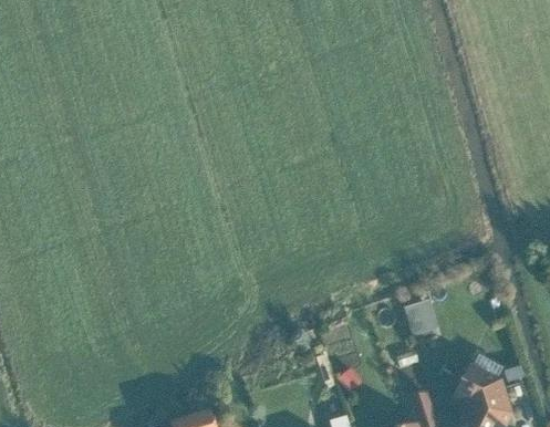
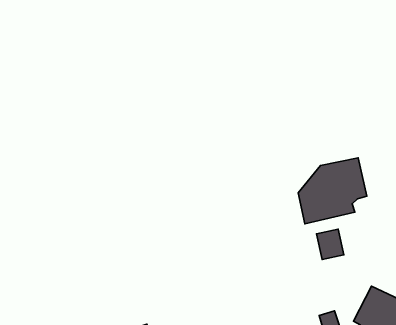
building: none -> [298,158,367,224]

